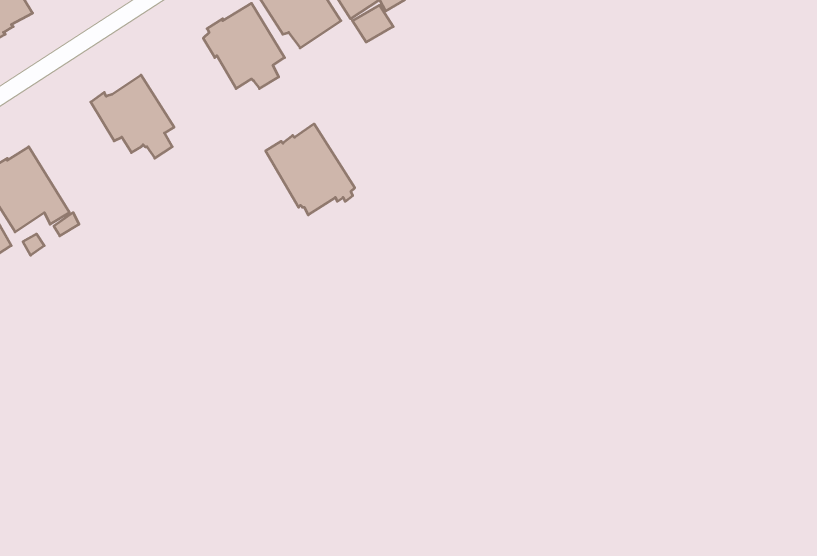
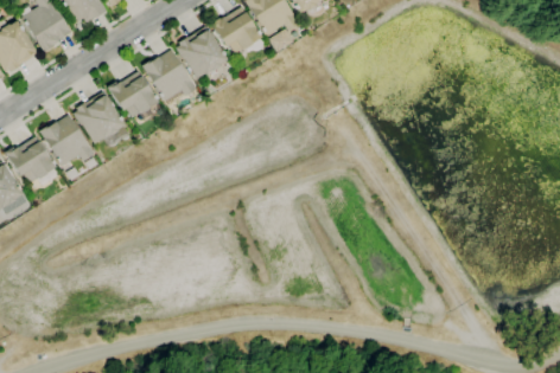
building: none -> [74,92,129,148]
building: [266,124,355,215] -> [142,50,197,105]

